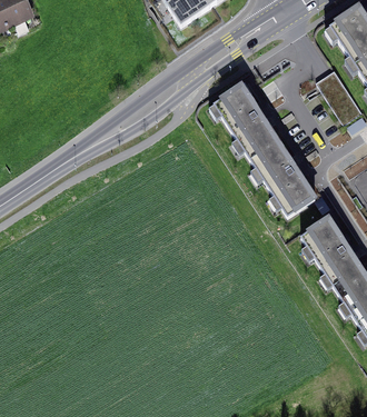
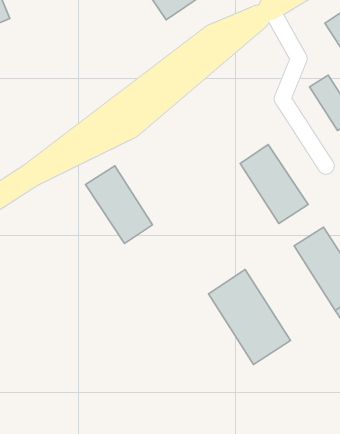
building: [215,83,278,157] -> [86,166,153,244]
building: none -> [208,270,290,364]

